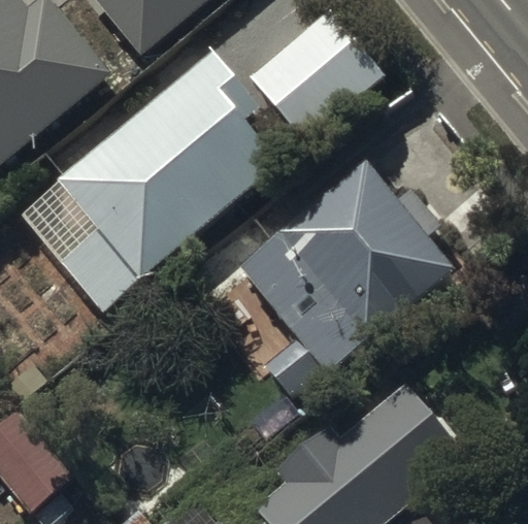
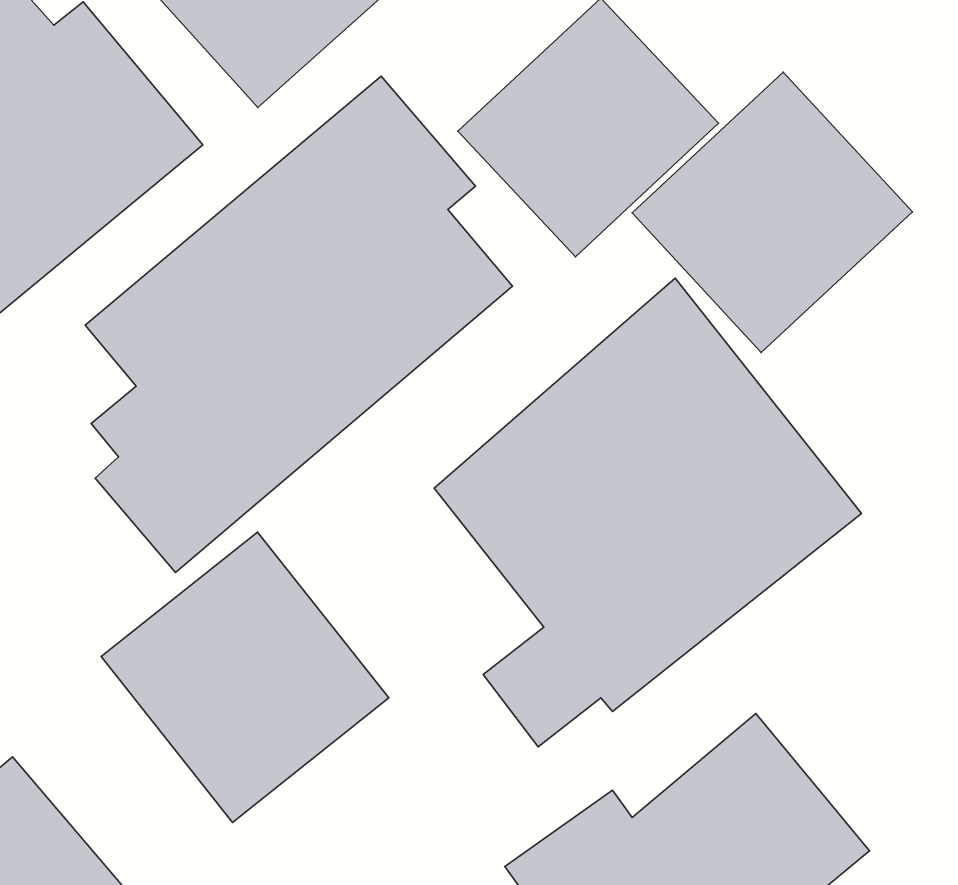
building: none -> [632,72,912,352]
building: none -> [101,532,389,822]

